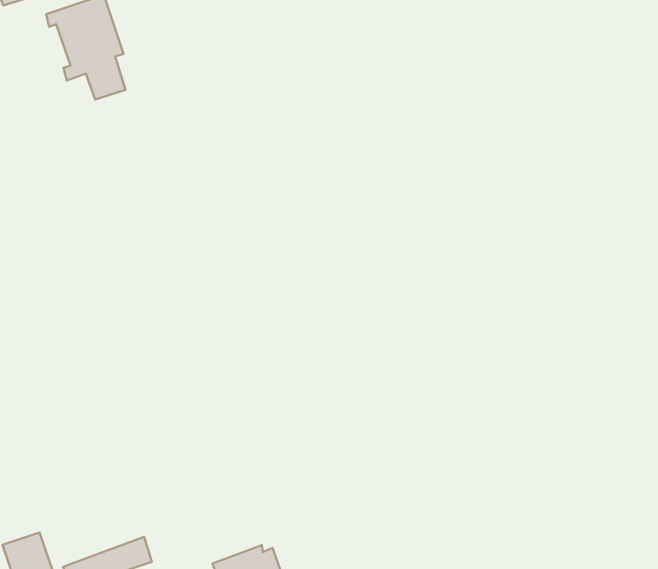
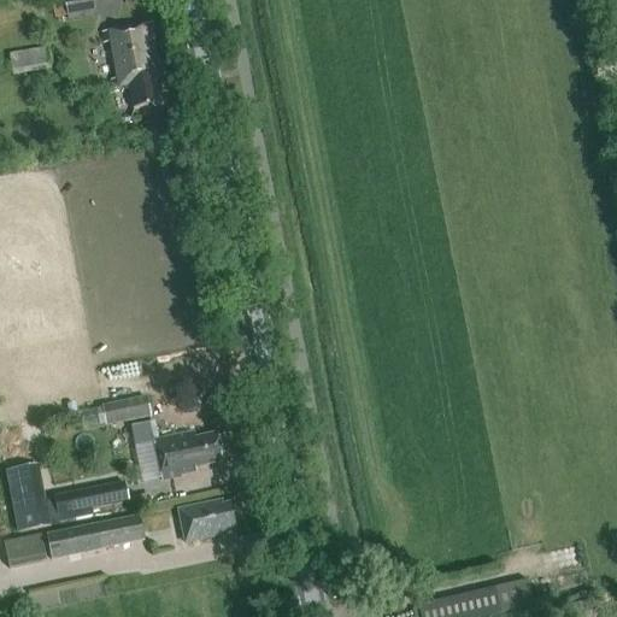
building: none -> [101,394,149,423]
building: none -> [139,430,222,478]

